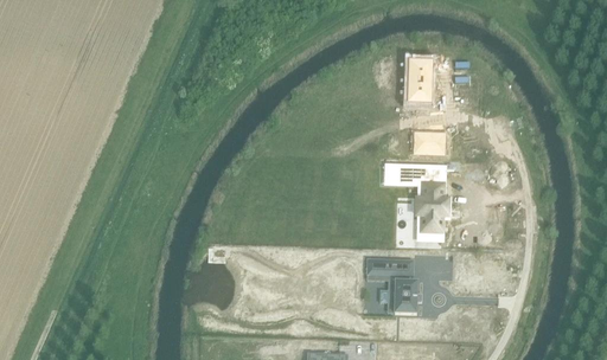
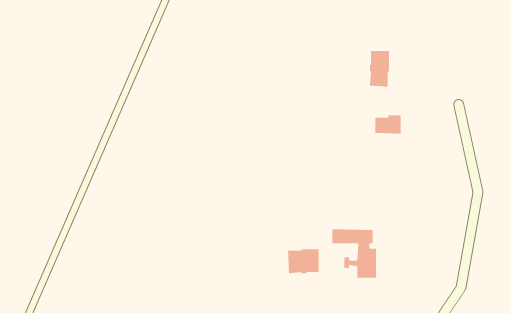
building: [397,166,447,231] -> none
building: none -> [288,249,319,274]

